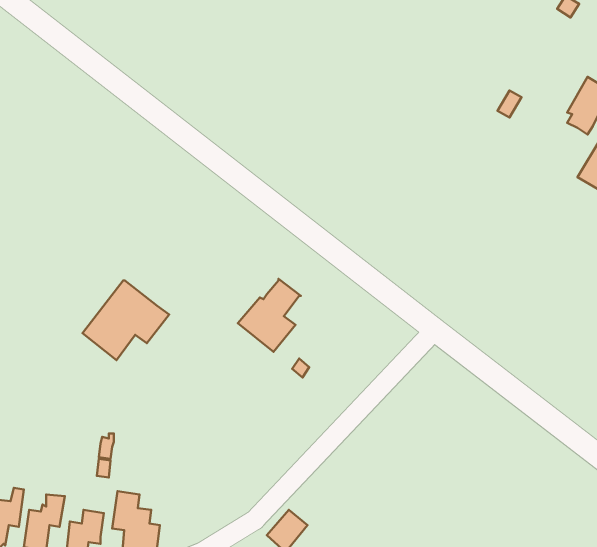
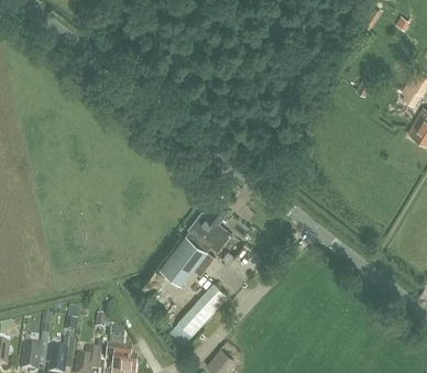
building: [82,280,169,360] -> [157,234,214,286]
building: none -> [177,283,227,334]

